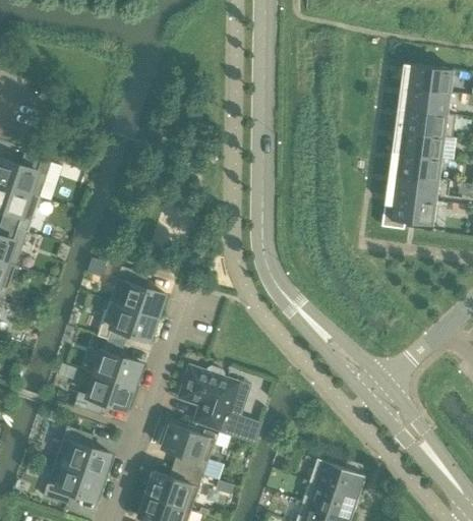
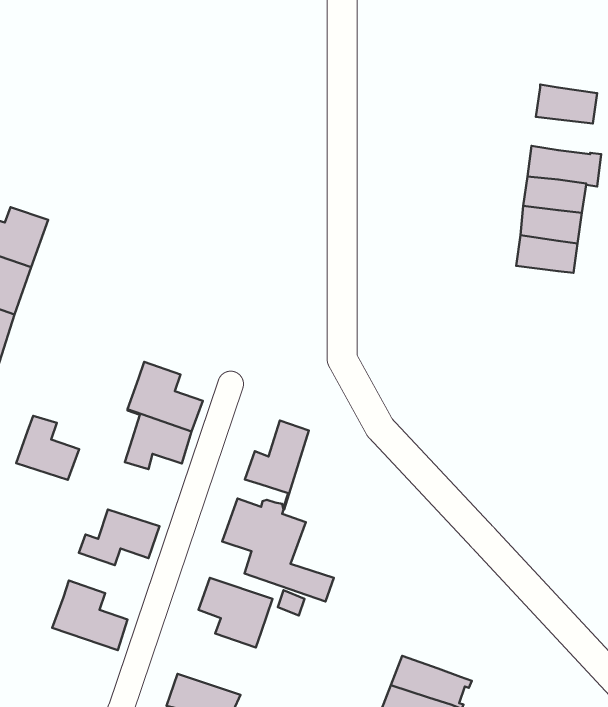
building: [404,88,449,115] -> none
building: [381,196,434,229] -> none
building: none -> [245,421,309,509]
building: [95,340,140,387] -> [16,416,79,480]
building: [309,459,365,500] -> none
building: [43,461,102,506] -> none
building: [145,465,202,510] -> none

